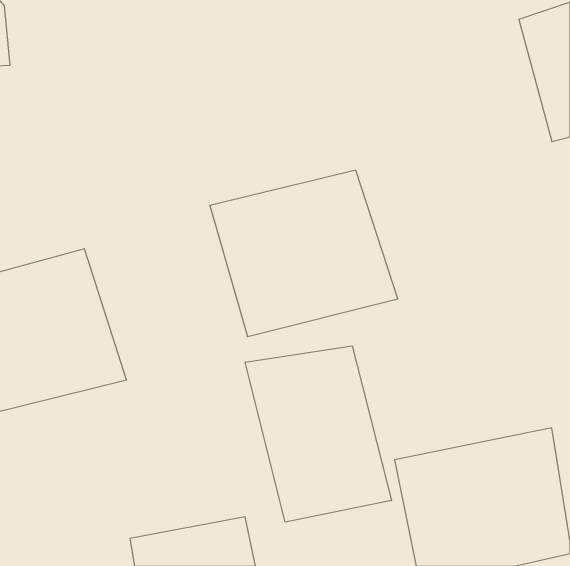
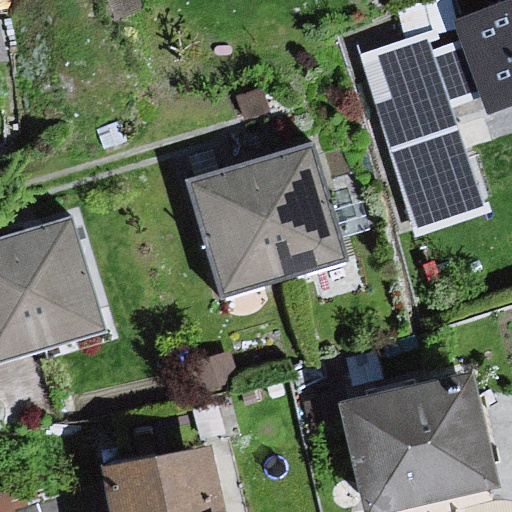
building: none -> [352,6,475,213]
building: [245,346,392,522] -> none

